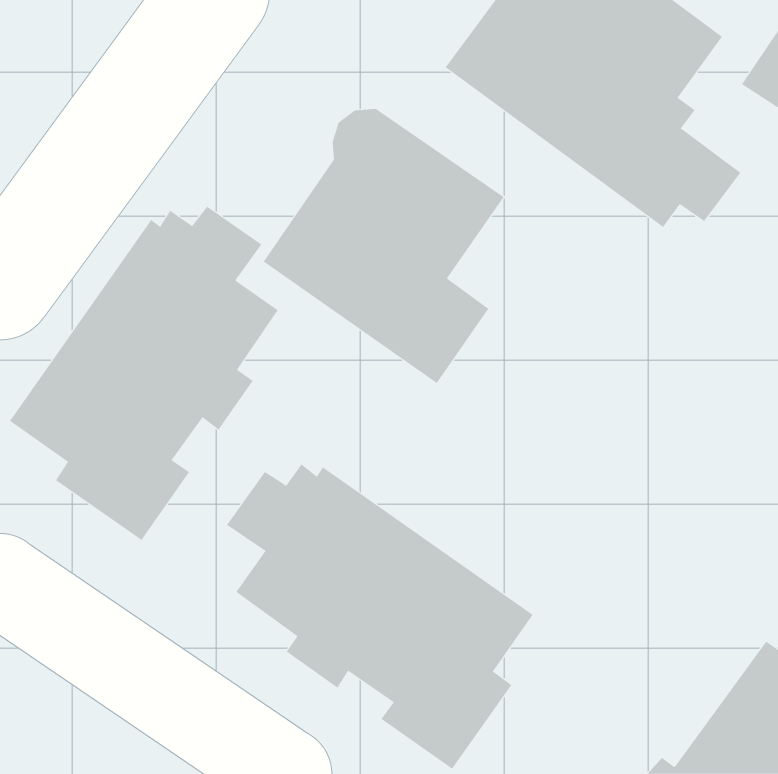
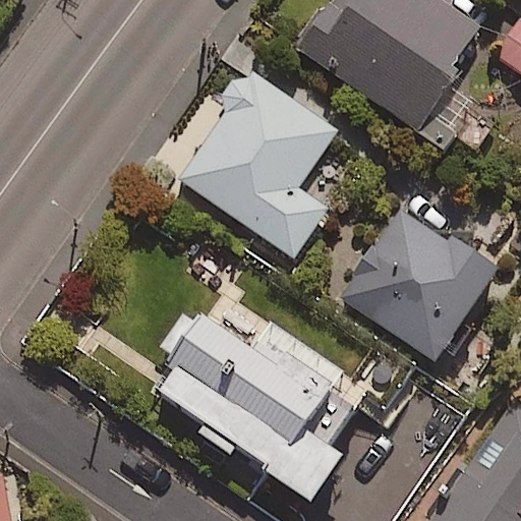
building: [9,206,279,541] -> none
building: none -> [340,207,495,360]

